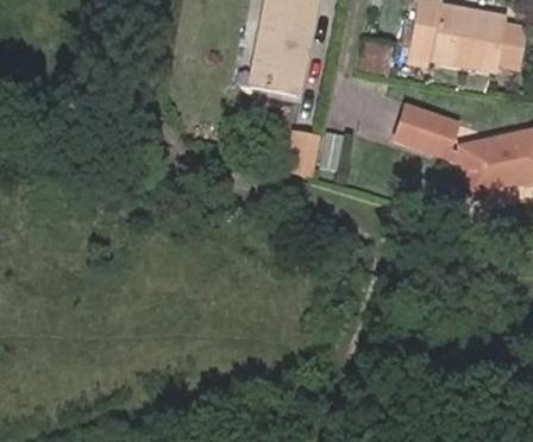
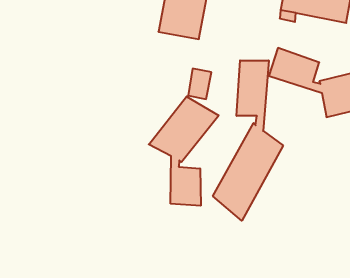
building: none -> [213,60,283,221]
building: none -> [149,96,219,206]

